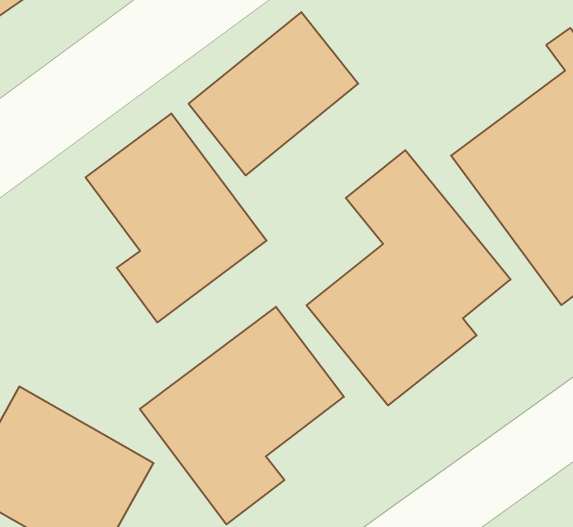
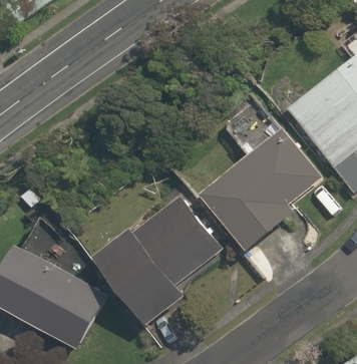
building: [189,12,358,175] -> none
building: [86,113,267,322] -> none

